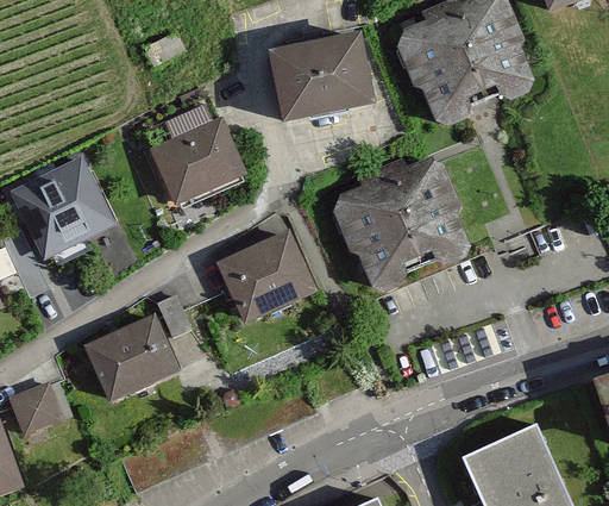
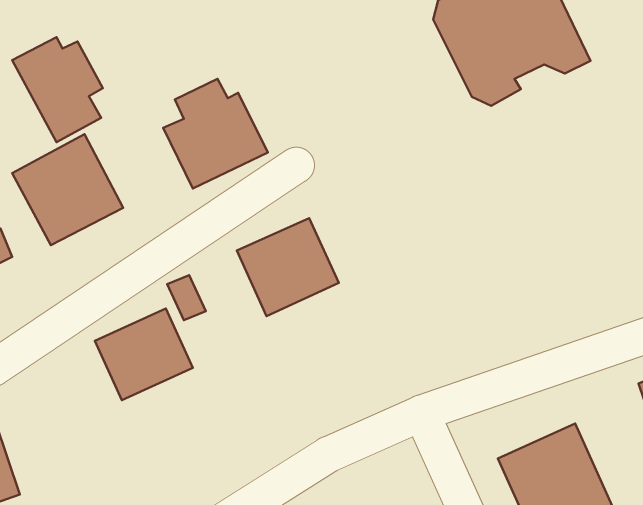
building: [275,36,377,123] -> none
building: none -> [12,37,103,142]
building: [334,151,481,291] -> none
building: [8,381,62,433] -> none

